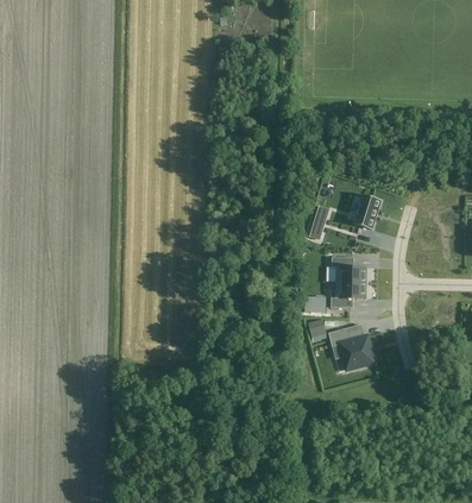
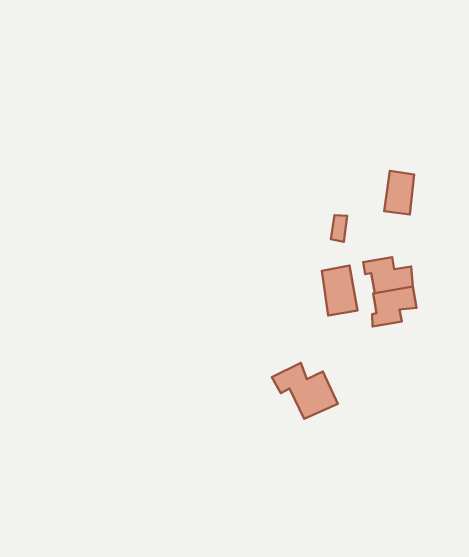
building: none -> [322,266,358,316]
building: [327,326,373,369] -> [272,363,338,419]

